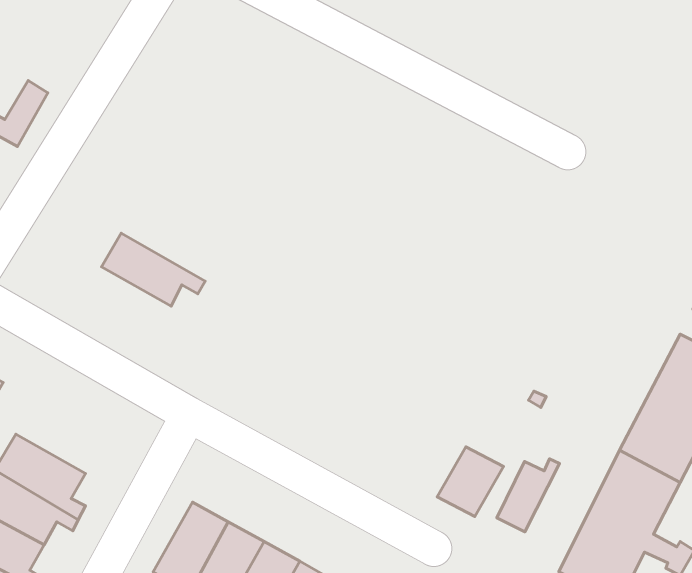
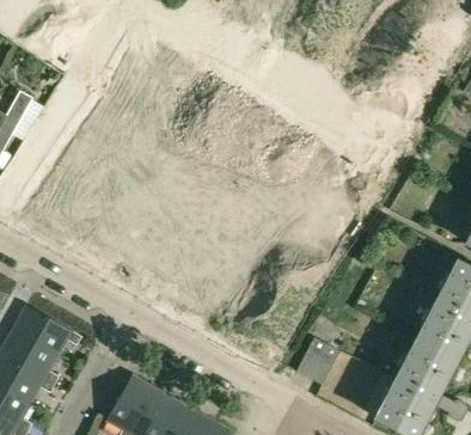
building: [101,233,205,306] -> [12,305,81,354]
building: [497,459,559,532] -> none

